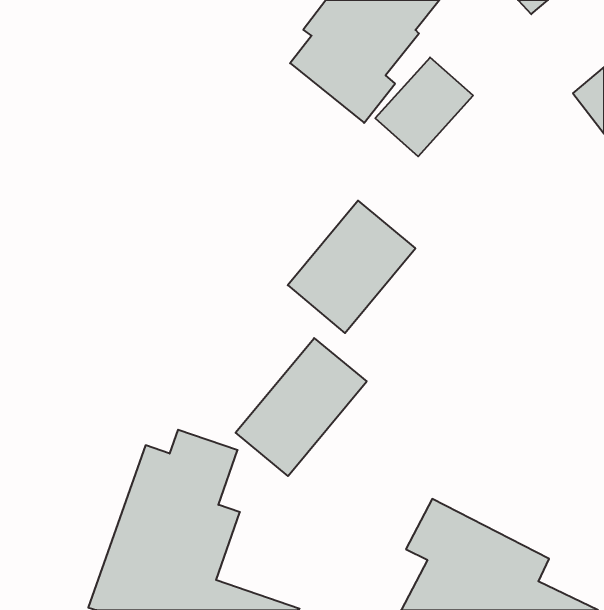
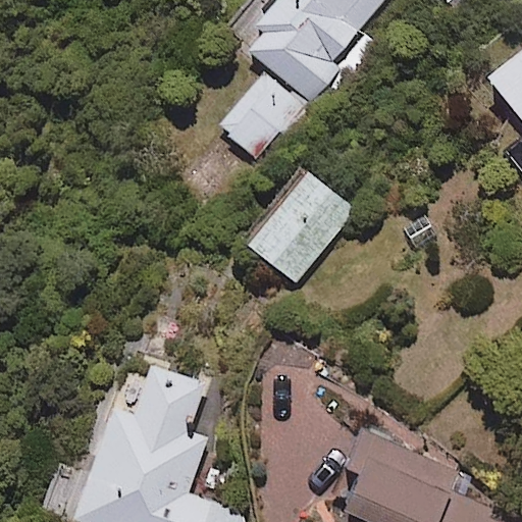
building: [375,57,473,156] -> [217,75,301,160]
building: [236,338,367,476] -> none

